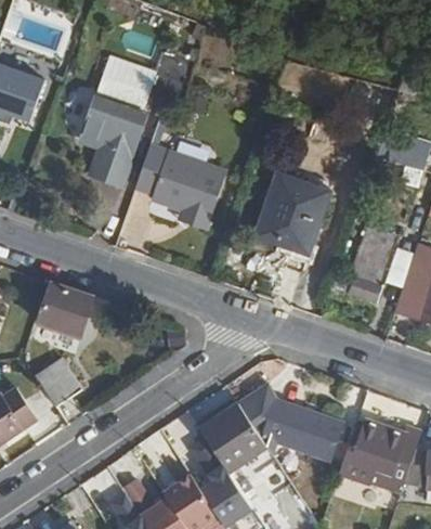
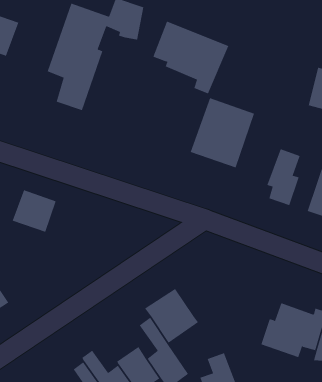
building: [138,145,231,234] -> [152,21,229,94]
building: [35,361,80,409] -> none
building: [236,384,339,460] -> none

